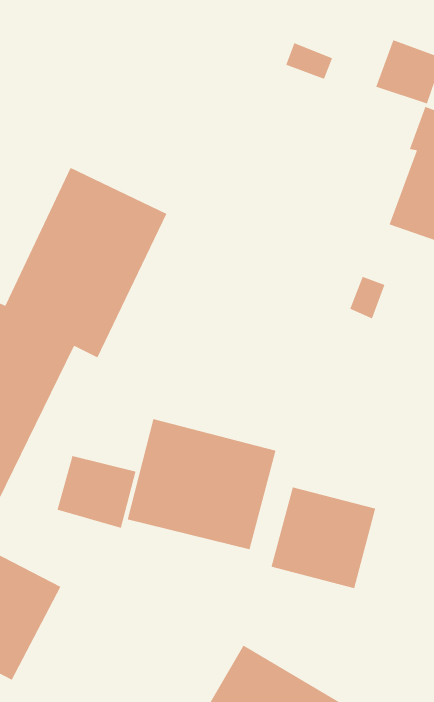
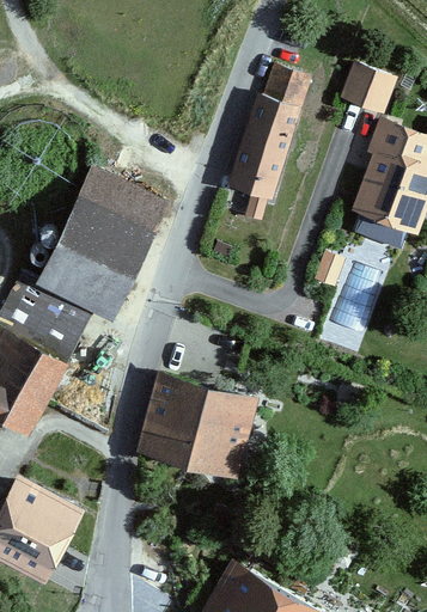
building: none -> [226,96,300,222]
building: [56,455,136,529] -> none
building: [271,486,376,589] -> none

